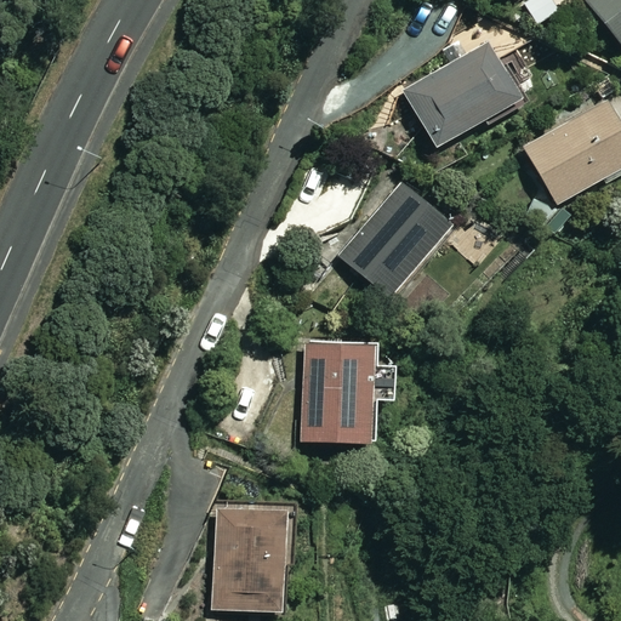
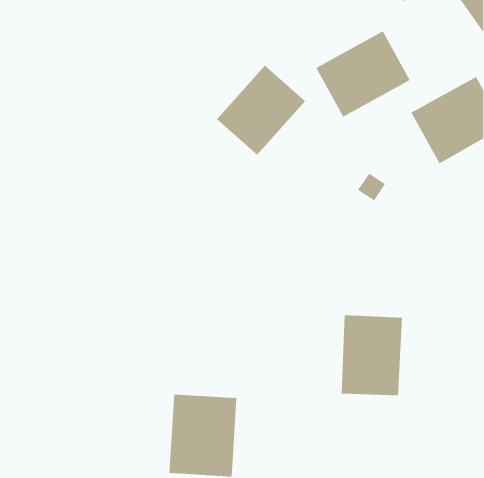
building: [336,182,450,297] -> [216,65,306,155]
building: [301,344,380,448] -> [341,315,403,396]

